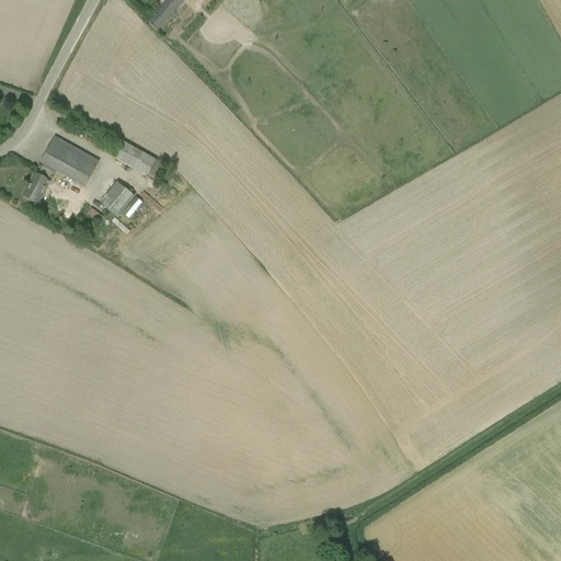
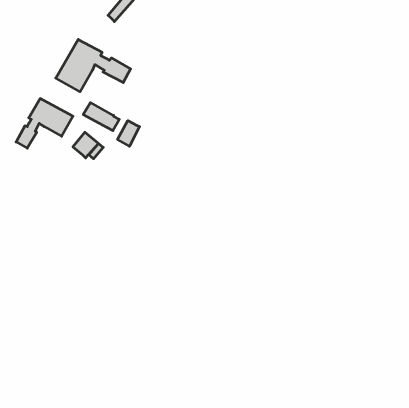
building: none -> [56,39,131,92]
building: none -> [118,121,140,146]

